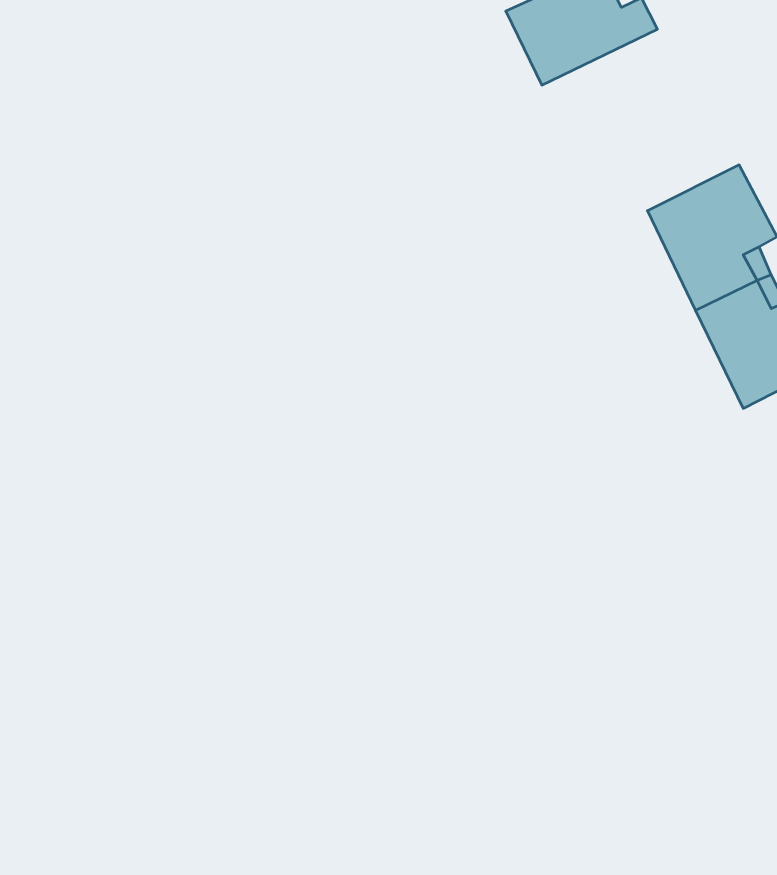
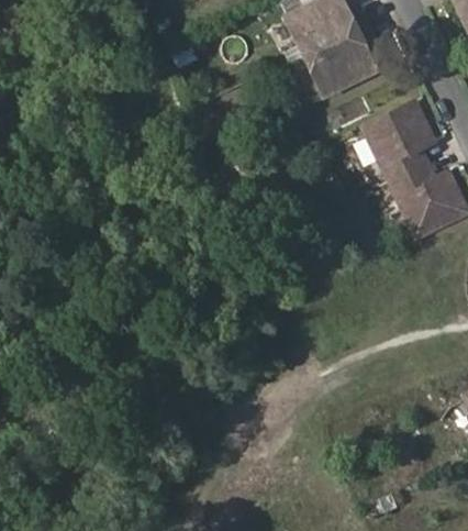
building: none -> [304,26,376,95]

